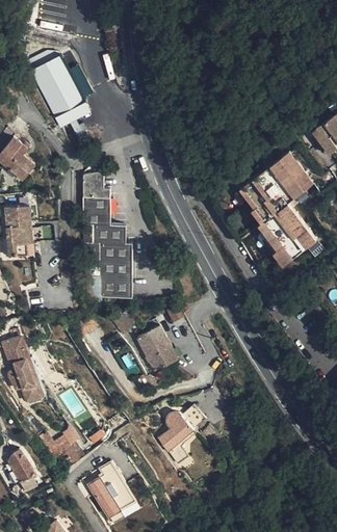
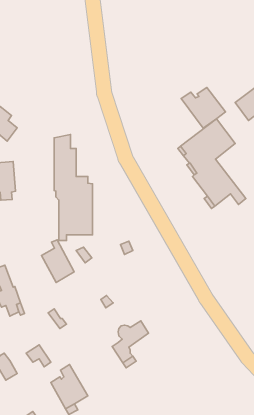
building: [25,52,89,126] -> none
building: none -> [181,87,225,128]
building: [135,318,177,372] -> [42,240,74,283]

